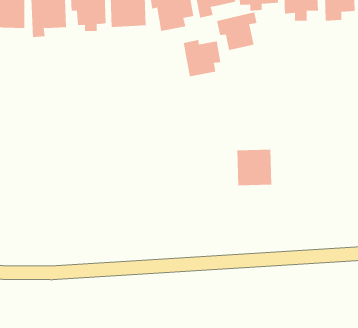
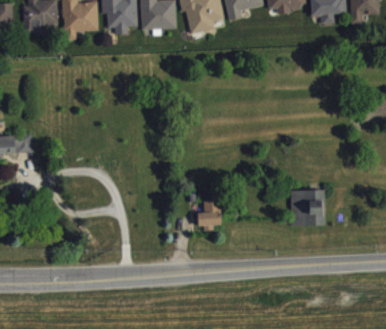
building: [217,11,257,51] -> none
building: [183,39,221,77] -> none
building: [237,149,272,186] -> [290,190,325,226]
building: none -> [197,200,221,229]

